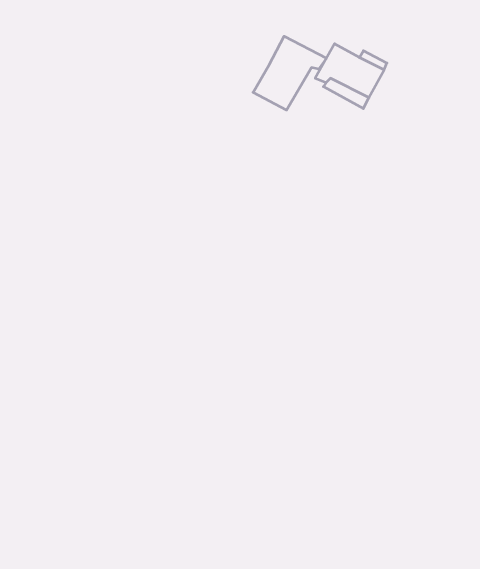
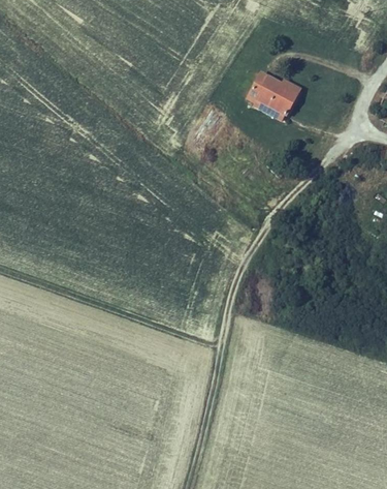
building: [253,36,326,110] -> none

